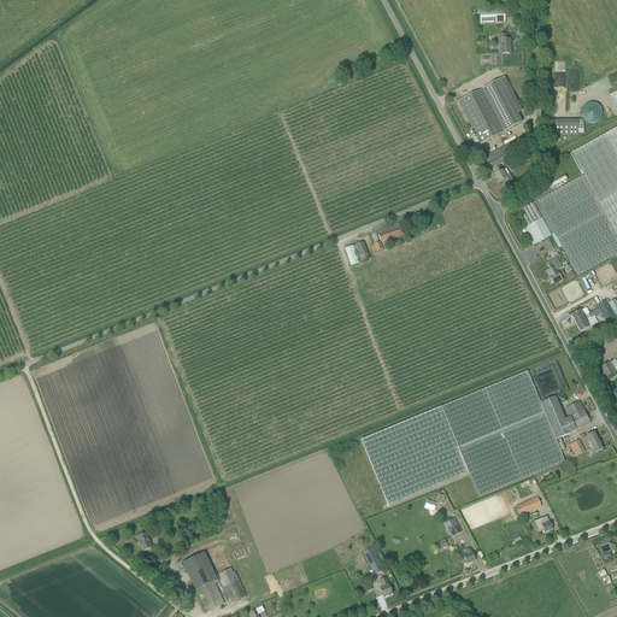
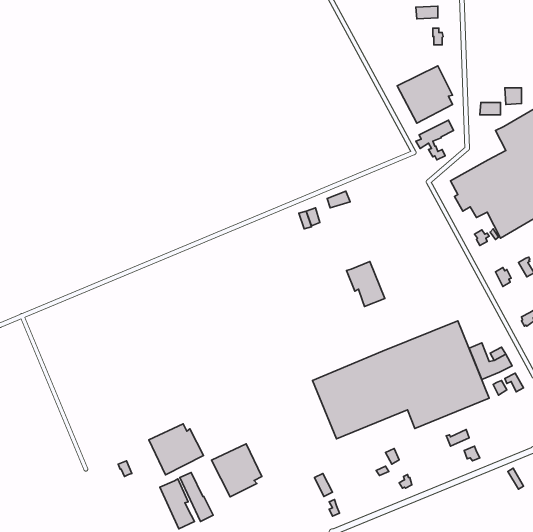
building: none -> [347,262,385,307]
building: none -> [149,424,203,475]
building: none -> [212,444,262,497]

